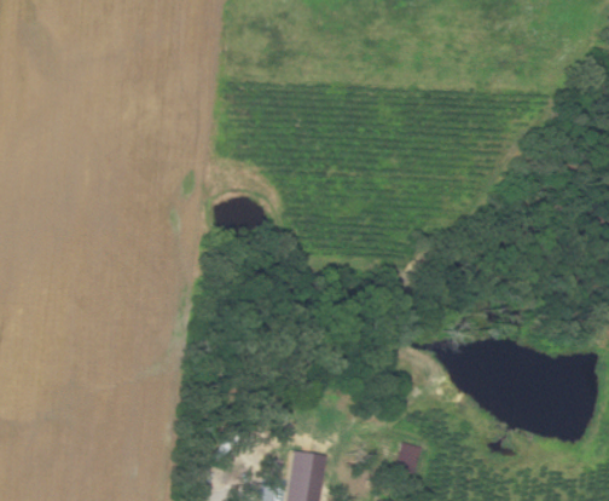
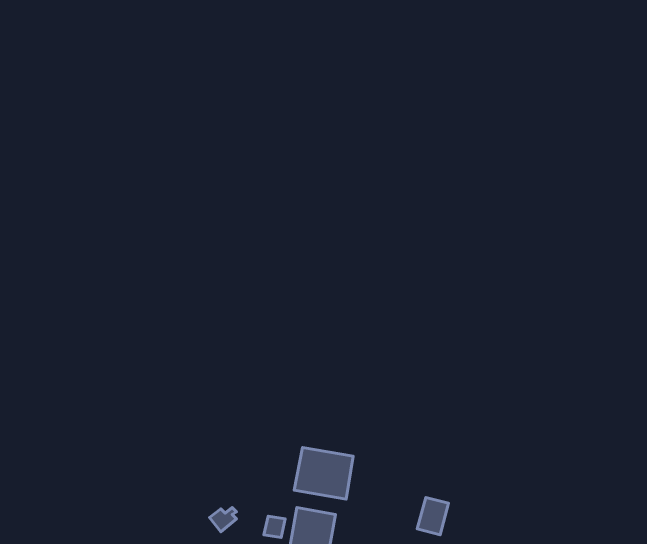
building: none -> [294,448,353,499]

